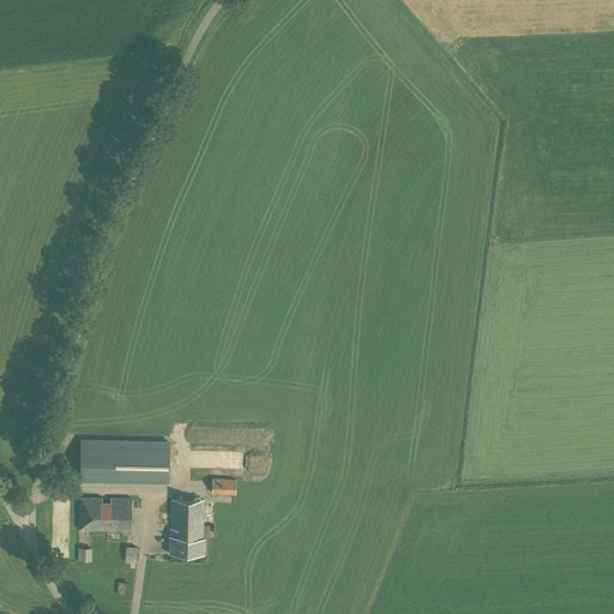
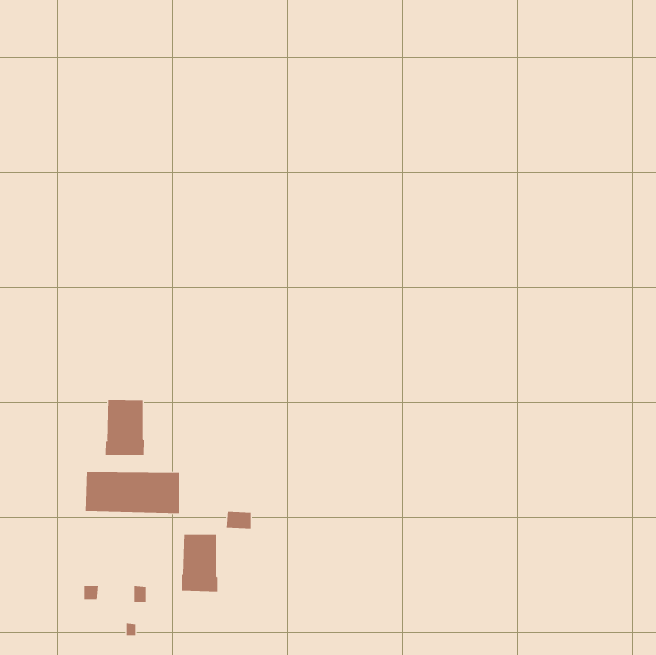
building: none -> [105,399,145,456]
building: [79,498,131,531] -> none

